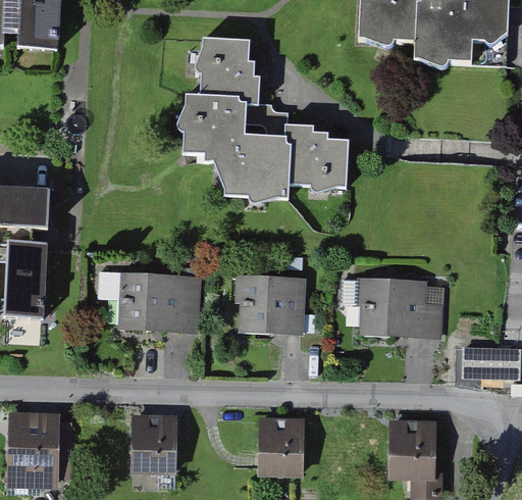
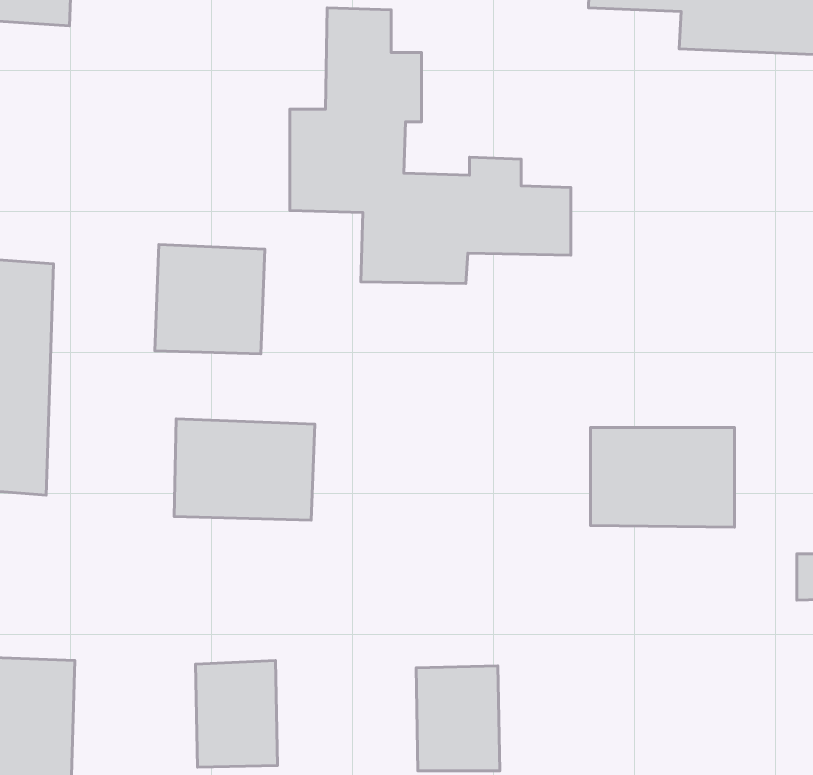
building: none -> [155,245,265,354]
building: [239,277,312,338] -> none
building: [387,414,434,474] -> none

